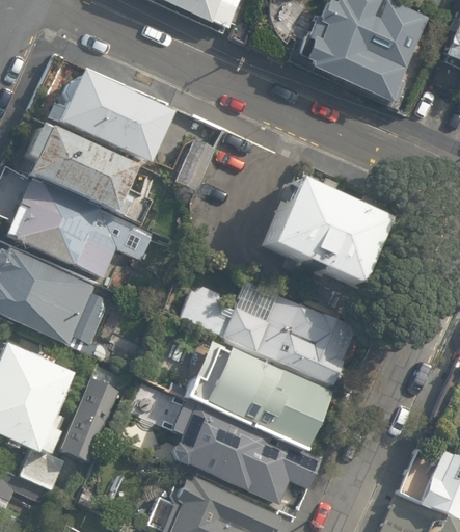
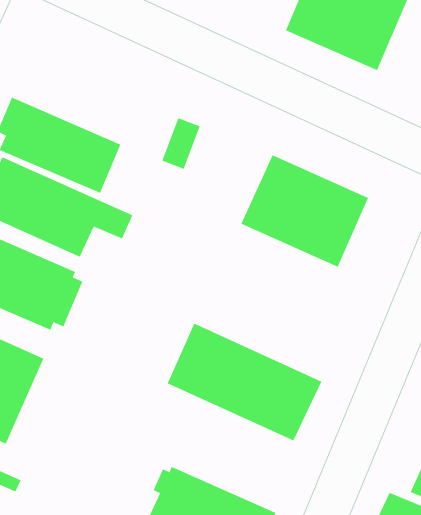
building: [57,70,174,160] -> none
building: [182,286,366,385] -> none
building: [57,375,123,460] -> none
building: [169,396,326,507] -> none

